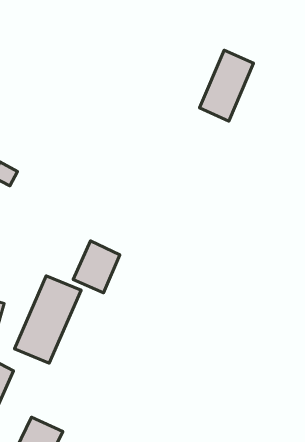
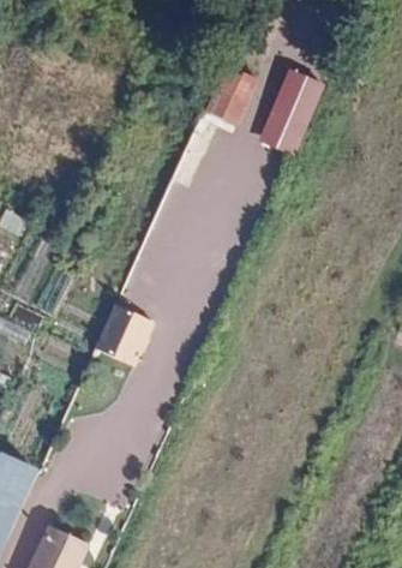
building: none -> [216,66,259,122]
building: [14,276,81,363] -> none

